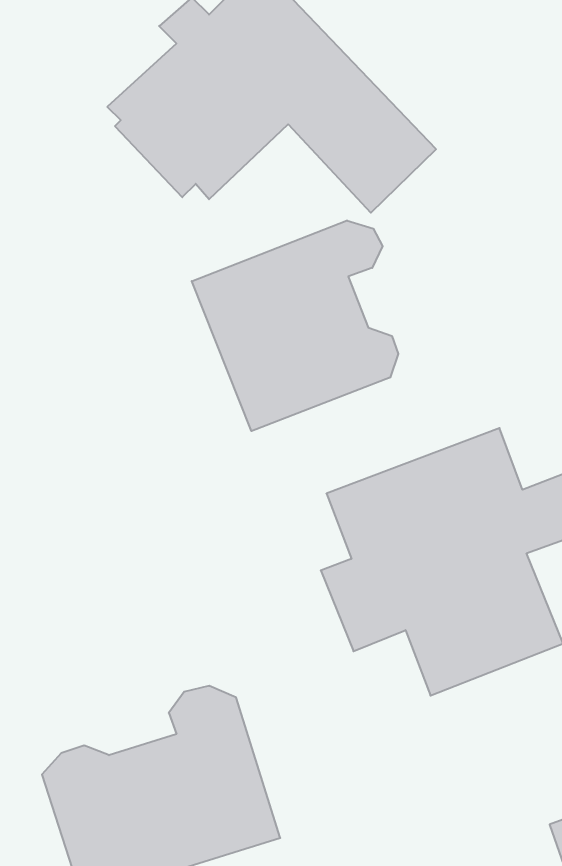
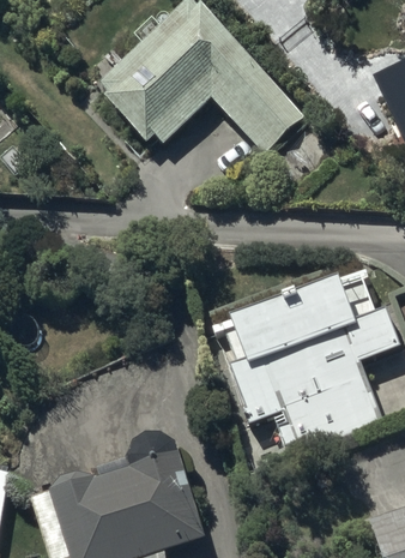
building: [192,220,398,431] -> none

